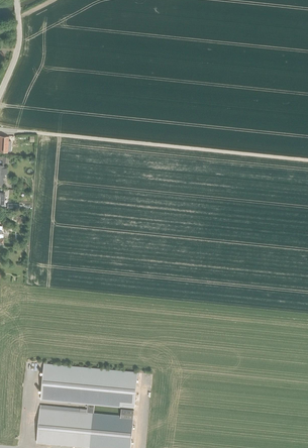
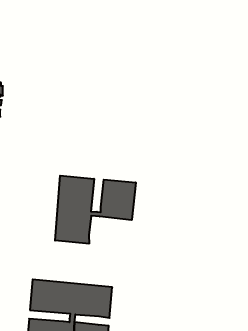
building: none -> [55,176,136,244]

